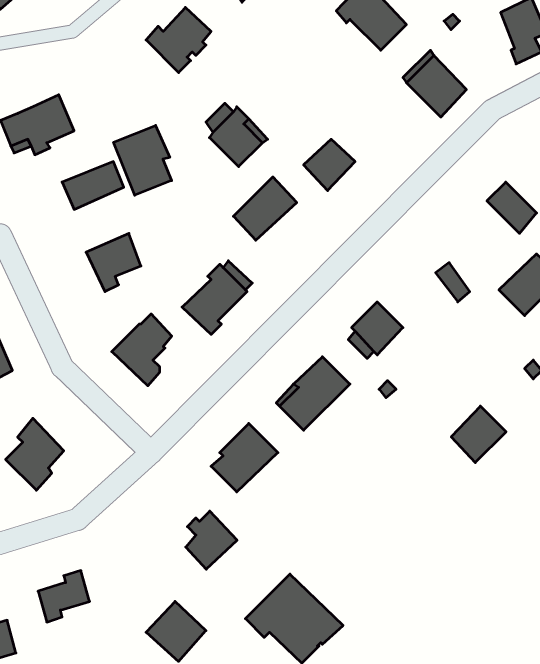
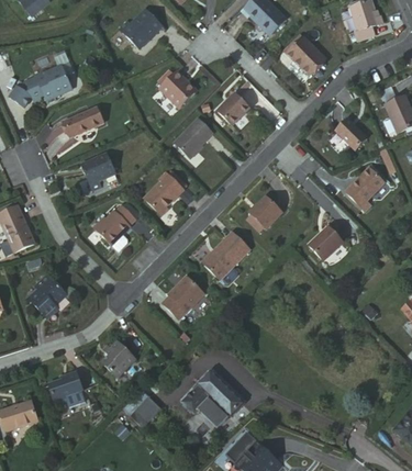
building: [114,125,172,195] -> none
building: [451,406,506,463] -> [309,226,344,262]
building: [186,511,237,569] -> [101,338,134,375]

